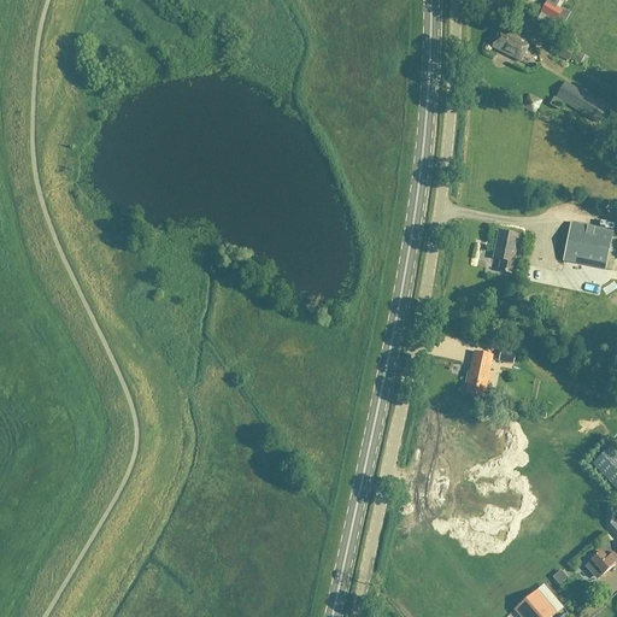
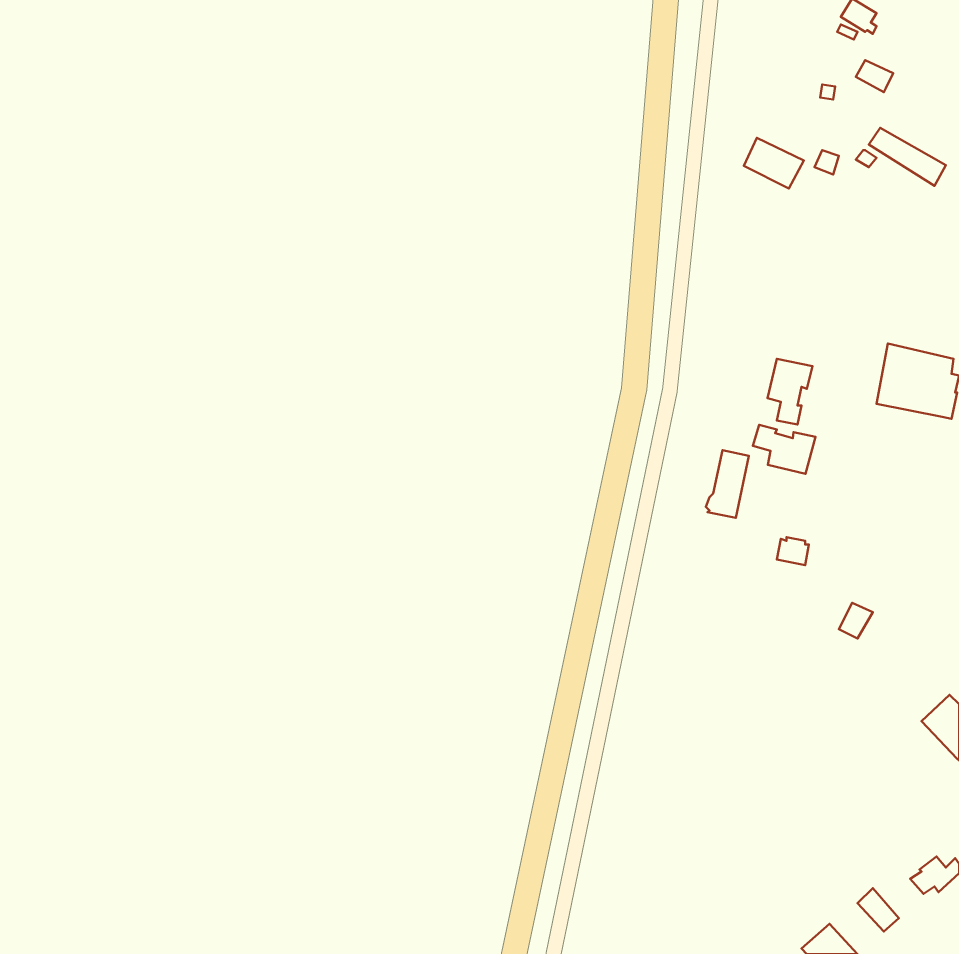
building: [492,27,530,59] -> [744,138,804,189]
building: none -> [753,425,815,474]
building: [464,351,492,394] -> [706,450,749,518]

